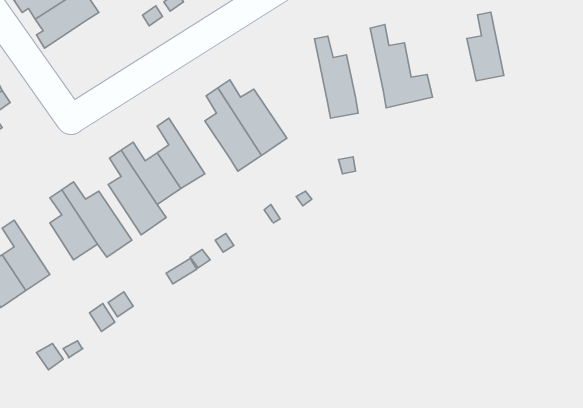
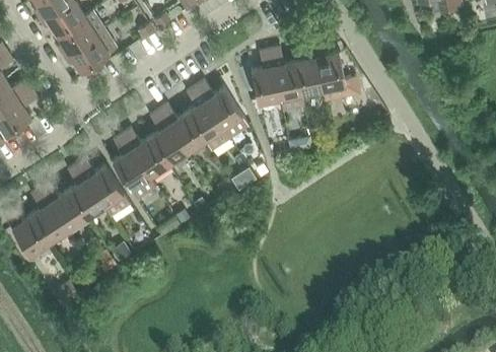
building: [467,12,504,81] -> [294,41,323,93]
building: none -> [63,28,117,72]
building: none -> [251,49,280,102]
building: none -> [158,104,205,152]
building: none -> [40,182,85,229]

